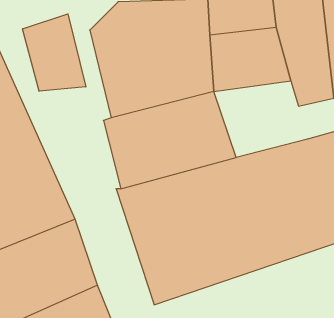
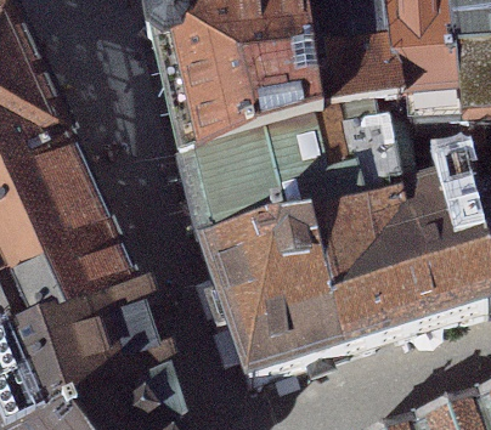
building: [23,14,86,91] -> none
building: none -> [304,111,421,206]

